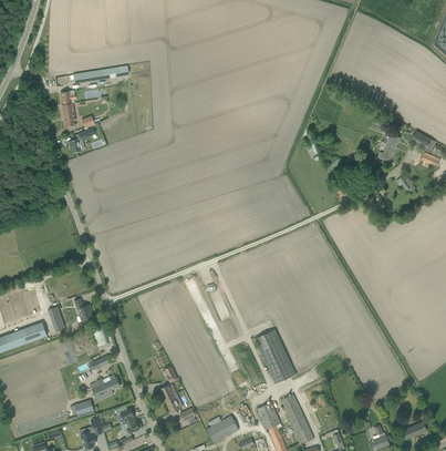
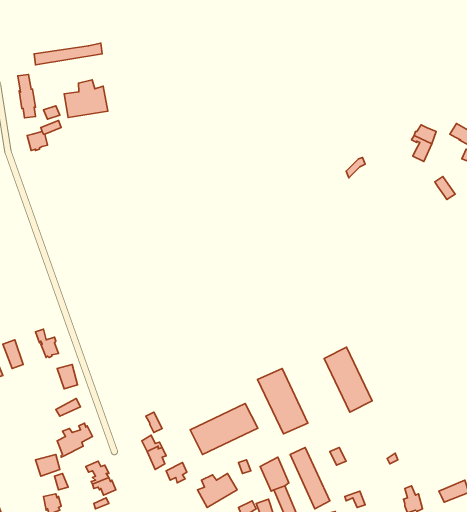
building: none -> [64,80,108,118]
building: none -> [324,347,372,412]
building: none -> [190,404,258,454]

